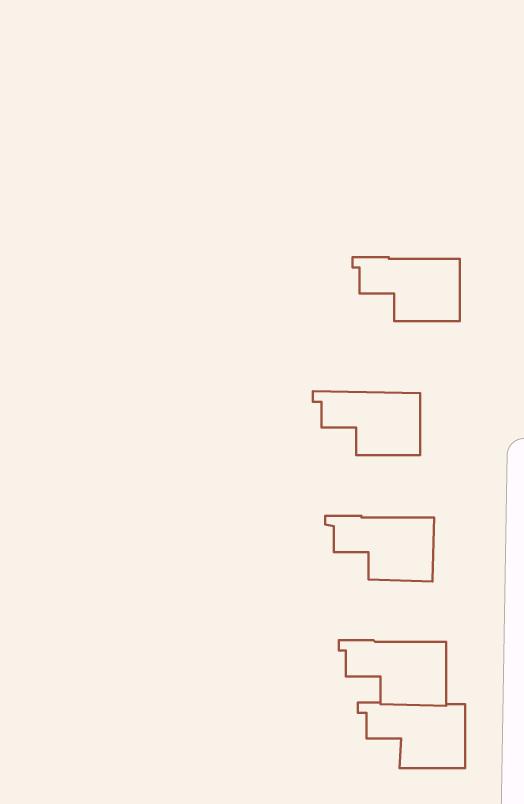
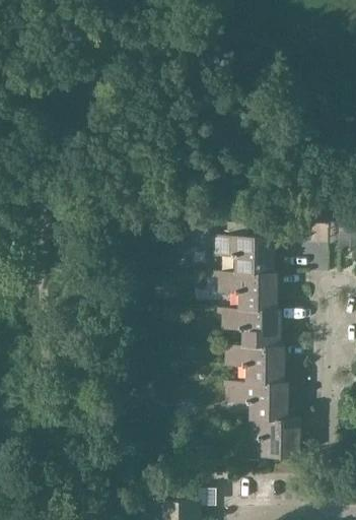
building: [353,257,460,321] -> [214,272,277,310]
building: none -> [221,345,284,383]

